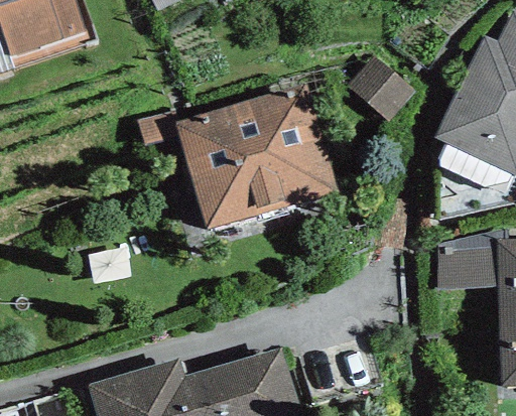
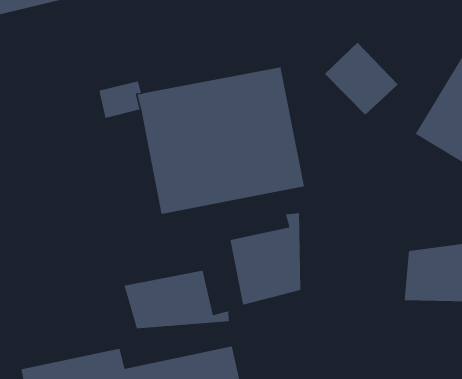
building: none -> [230,213,301,305]
building: none -> [124,270,229,329]

